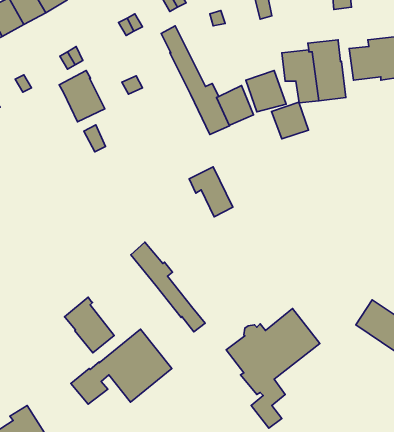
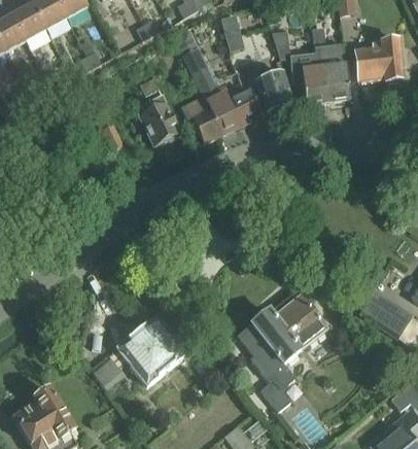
building: [59,71,105,122] -> [136,97,179,145]
building: [272,102,308,139] -> none
building: [189,167,233,217] -> [180,95,221,142]
building: [131,242,205,332] -> none
building: [64,297,114,353] -> none

